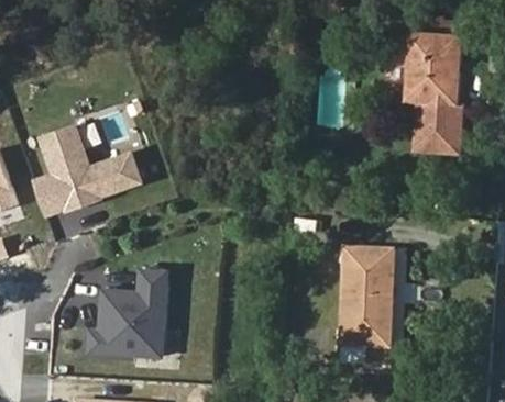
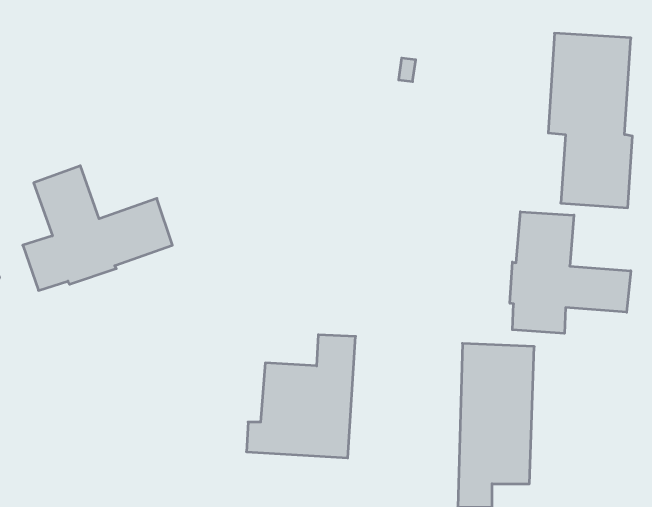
building: none -> [510,212,631,333]
building: [89,269,166,356] -> [246,335,356,458]

